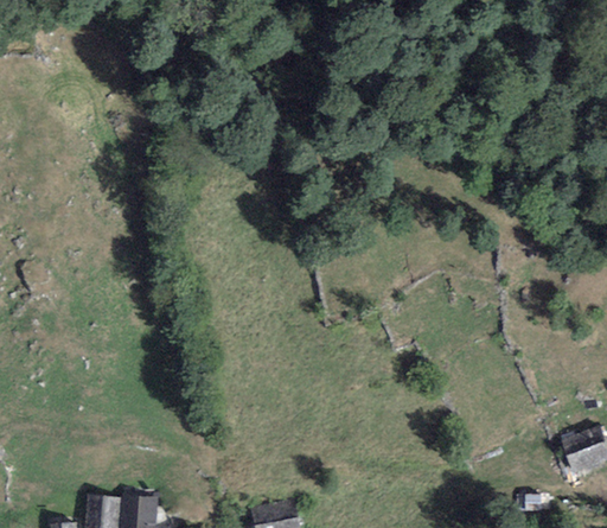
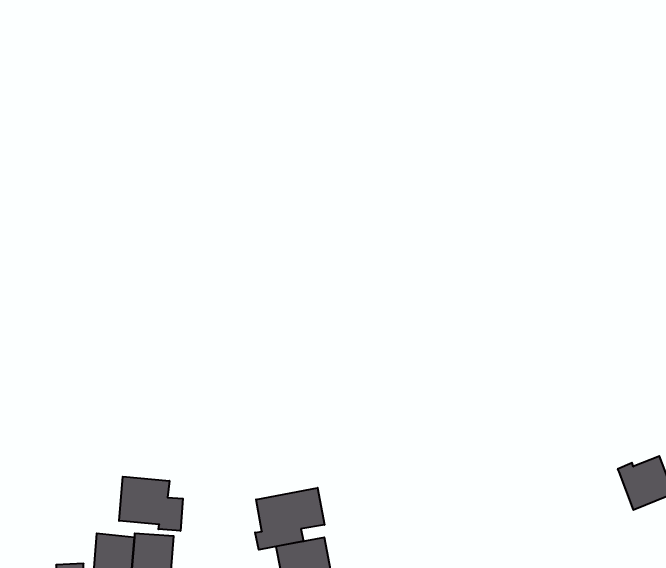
building: none -> [119,477,183,531]
building: none -> [255,488,324,550]

